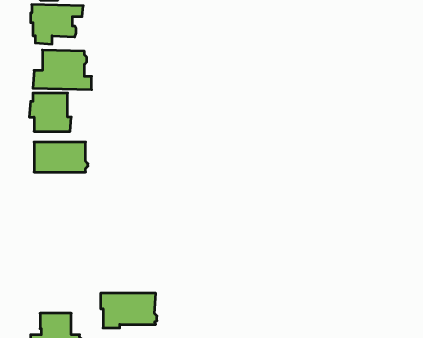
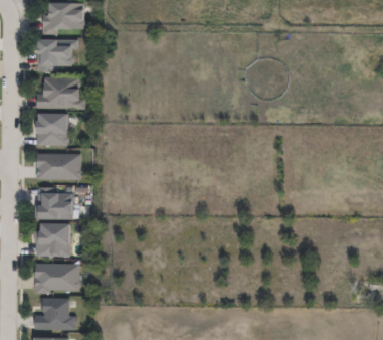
building: none -> [35,193,71,218]
building: none -> [35,223,68,256]
building: [101,293,157,328] -> [33,264,80,293]

